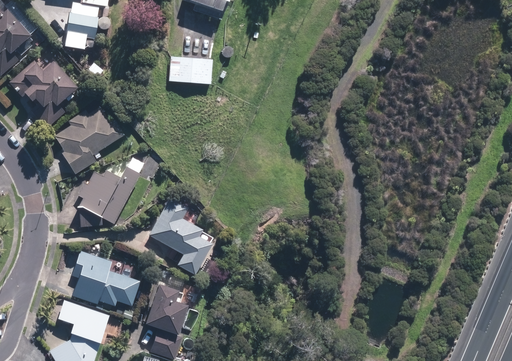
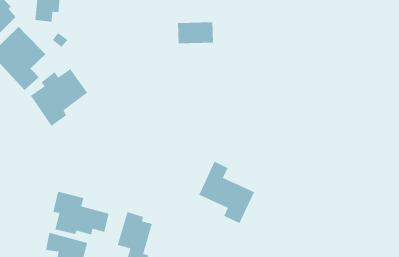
building: [168,58,212,86] -> [177,21,214,44]
building: [79,155,145,228] -> none
building: [148,196,216,274] -> [198,160,255,224]

